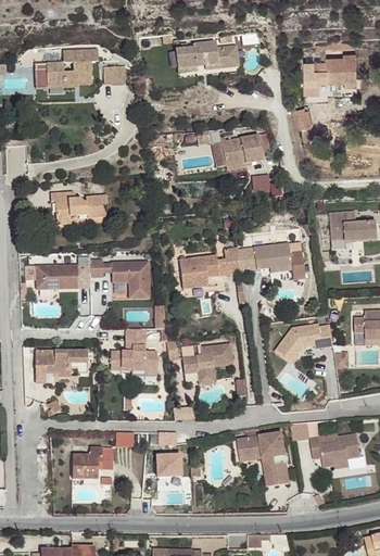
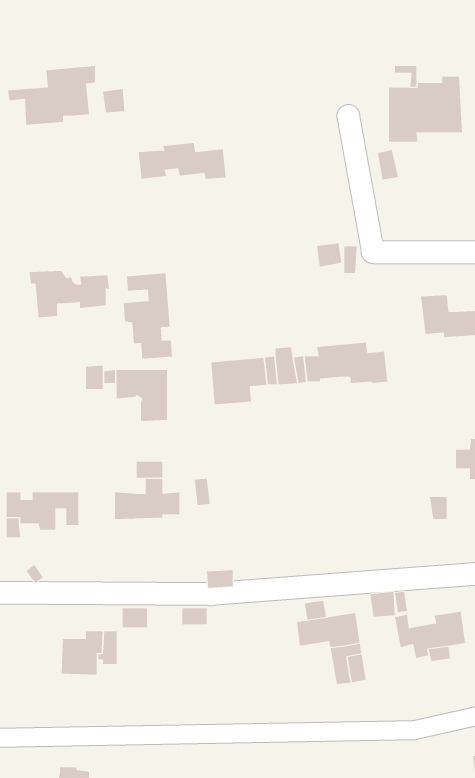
building: [175,39,238,65] -> [138,143,227,179]
building: [220,132,263,165] -> none
building: none -> [123,273,172,360]
building: [36,265,78,290] -> none
building: [276,325,333,366] -> none
building: [182,344,231,380] -> none
building: [156,454,181,477] -> none

